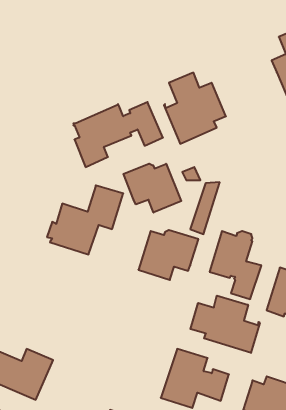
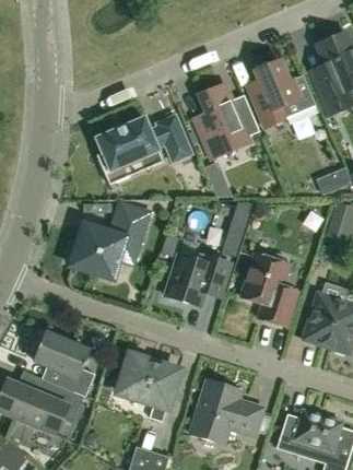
building: none -> [247,60,319,127]
building: [123,164,181,213] -> none
building: [190,296,260,353] -> none
building: none -> [34,332,95,397]
building: none -> [119,355,178,421]

